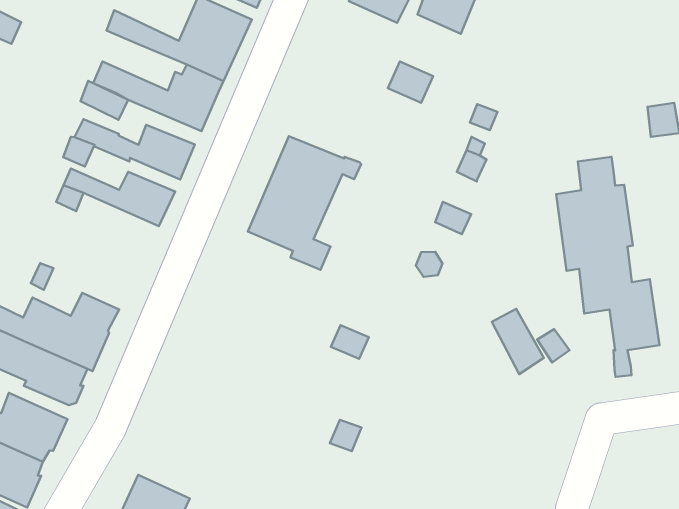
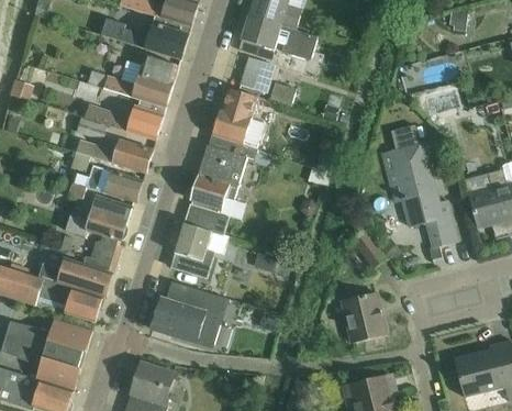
building: none -> [240,57,274,92]
building: none -> [210,88,263,148]
building: none -> [66,196,132,258]
building: none -> [175,203,229,278]
building: none -> [151,282,227,347]
building: none -> [341,292,386,343]

